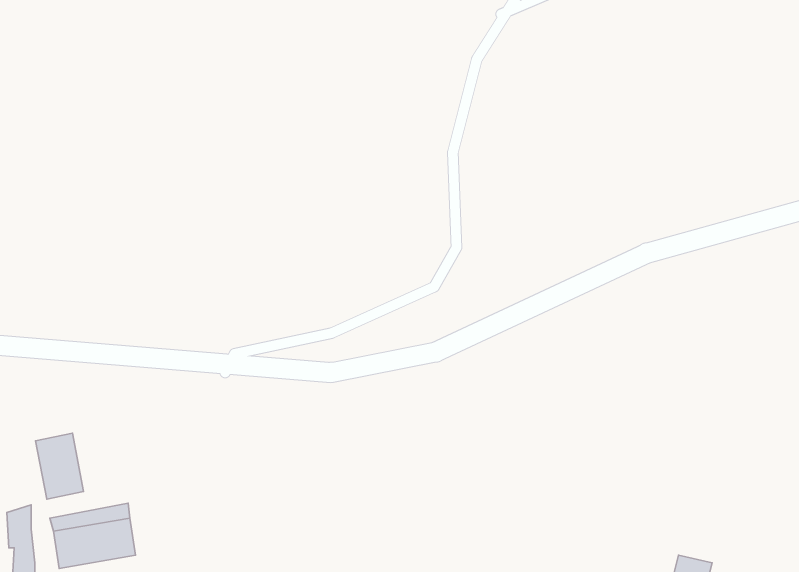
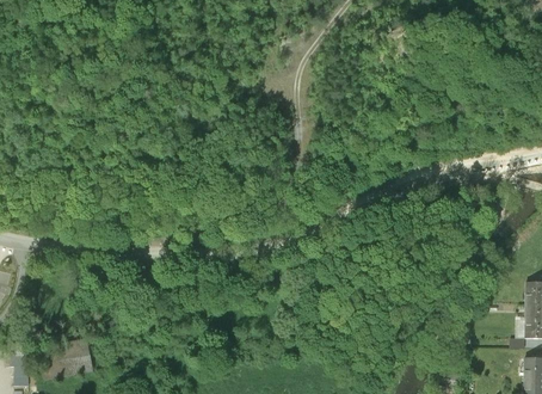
building: [36,433,83,499] -> none

